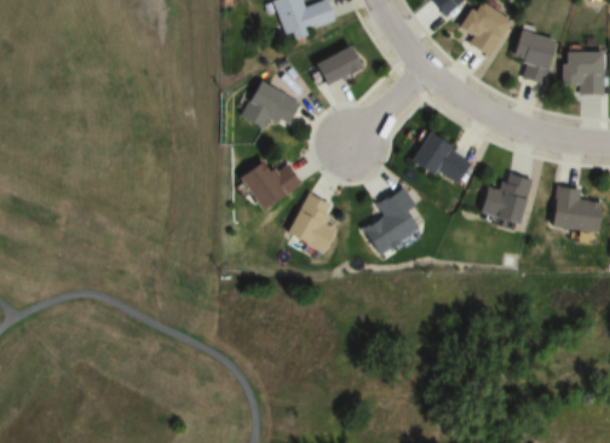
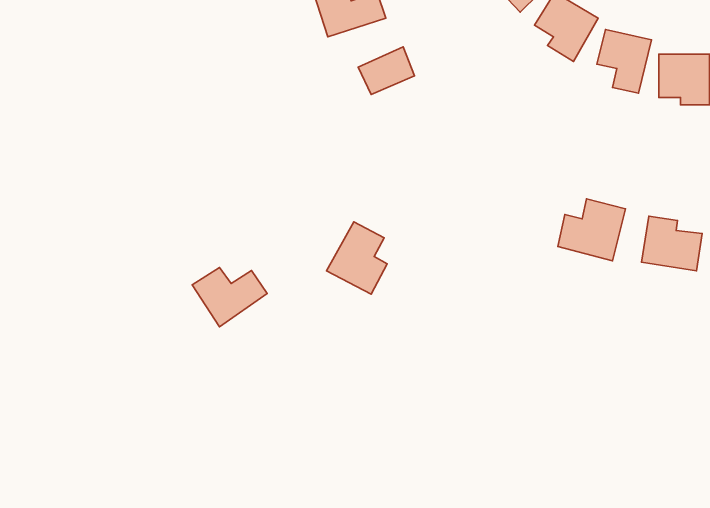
building: [243,82,303,128] -> none
building: [412,133,471,185] -> none
building: [240,161,303,211] -> [192,268,267,327]
building: [362,186,426,253] -> none

